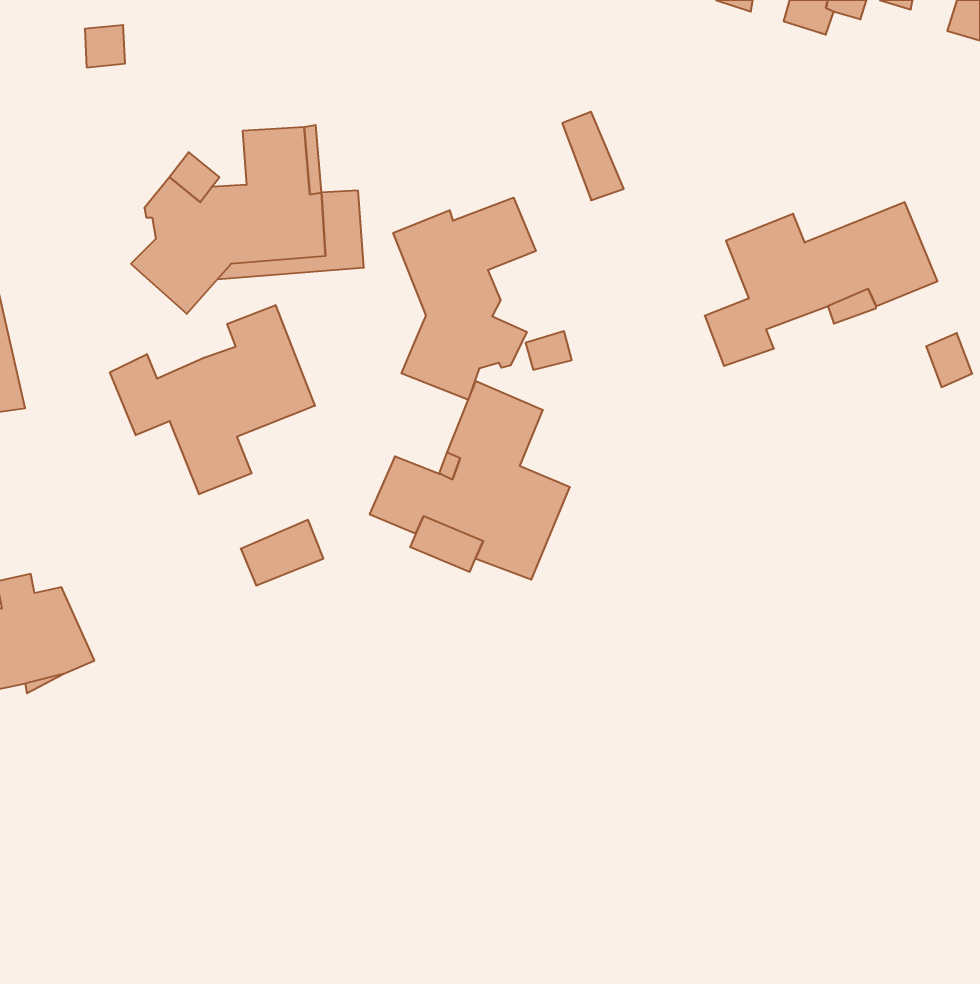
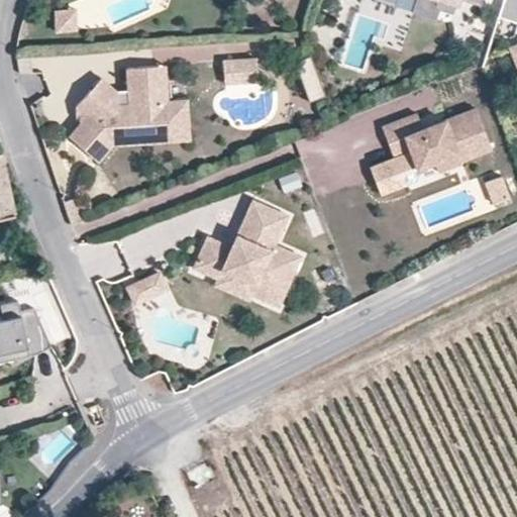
building: none -> [220,56,255,82]
building: [393,198,536,400] -> none
building: [110,305,315,494] -> none

